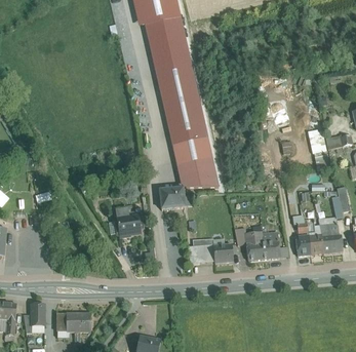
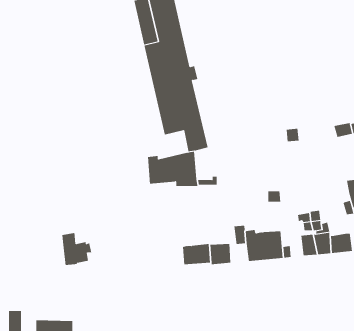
building: [159,188,185,208] -> none
building: [116,206,144,236] -> [61,232,92,265]

